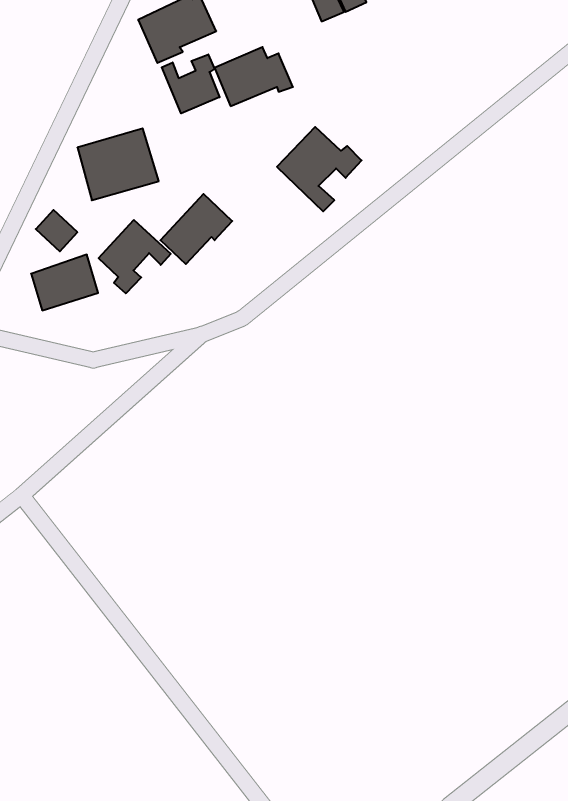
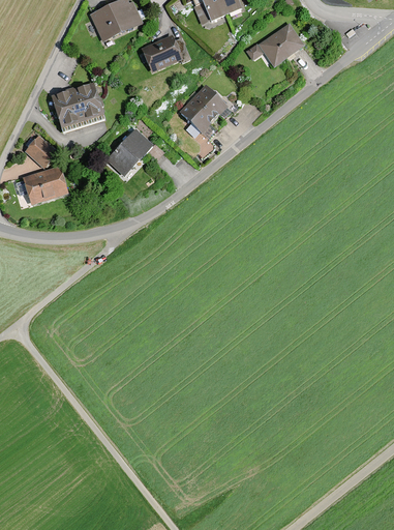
building: none -> [260,23,303,64]
building: [162,54,220,113] -> none
building: [99,220,171,293] -> none

